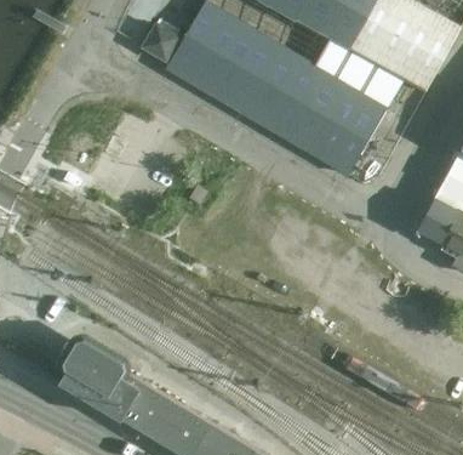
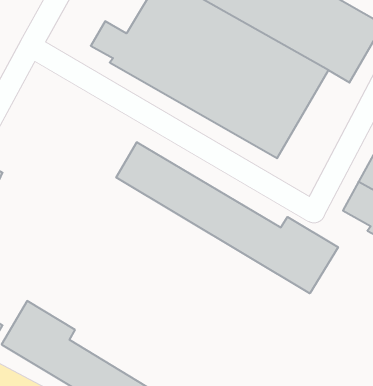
building: none -> [116,142,338,293]

